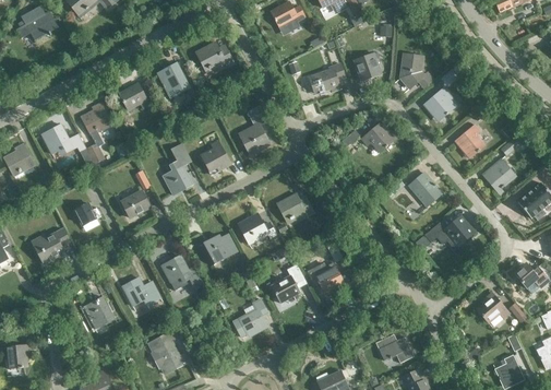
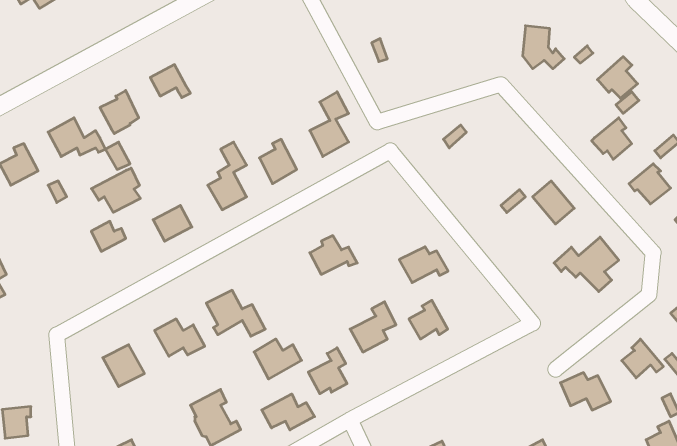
building: [196,43,233,70] -> none
building: [354,52,382,81] -> none
building: [157,63,190,97] -> none
building: [309,63,345,94] -> none
building: [423,87,454,119] -> [597,57,638,98]
building: [361,122,392,152] -> none
building: none -> [91,168,140,212]
building: [276,193,313,221] -> [399,247,448,283]
building: [36,228,70,264] -> none
building: [202,235,238,265] -> [254,339,302,379]
building: [375,334,414,363] -> [560,373,611,410]
building: none -> [262,394,315,430]

